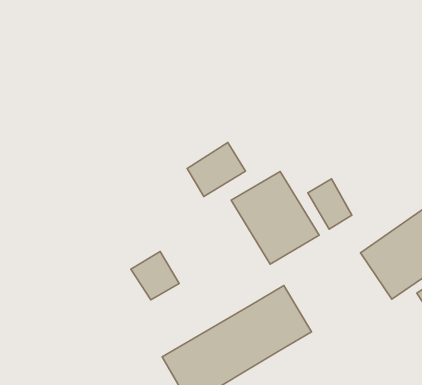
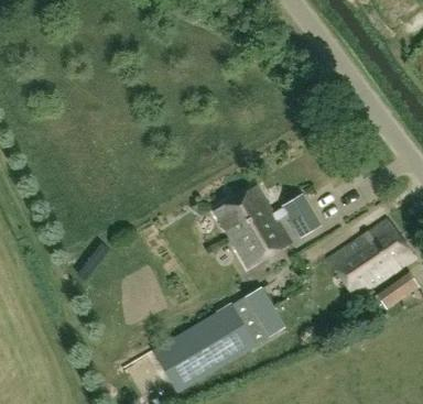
building: [187,142,246,197] -> none
building: [131,252,179,300] -> none

